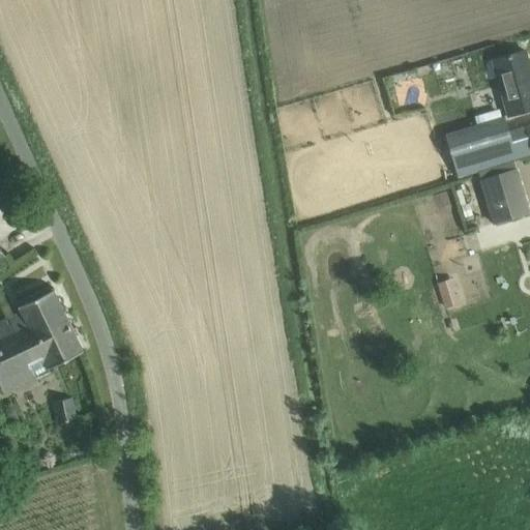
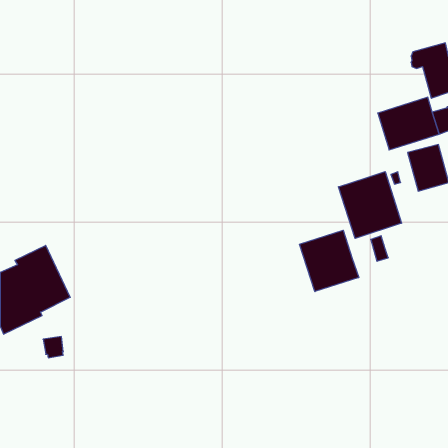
building: none -> [338,172,402,238]
building: none -> [299,230,359,292]

